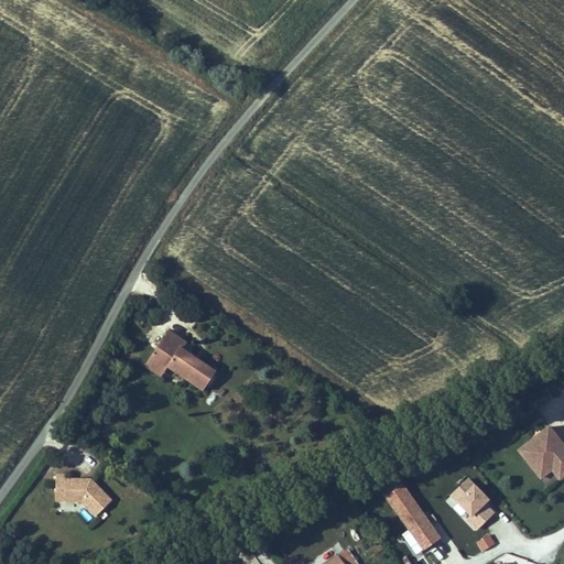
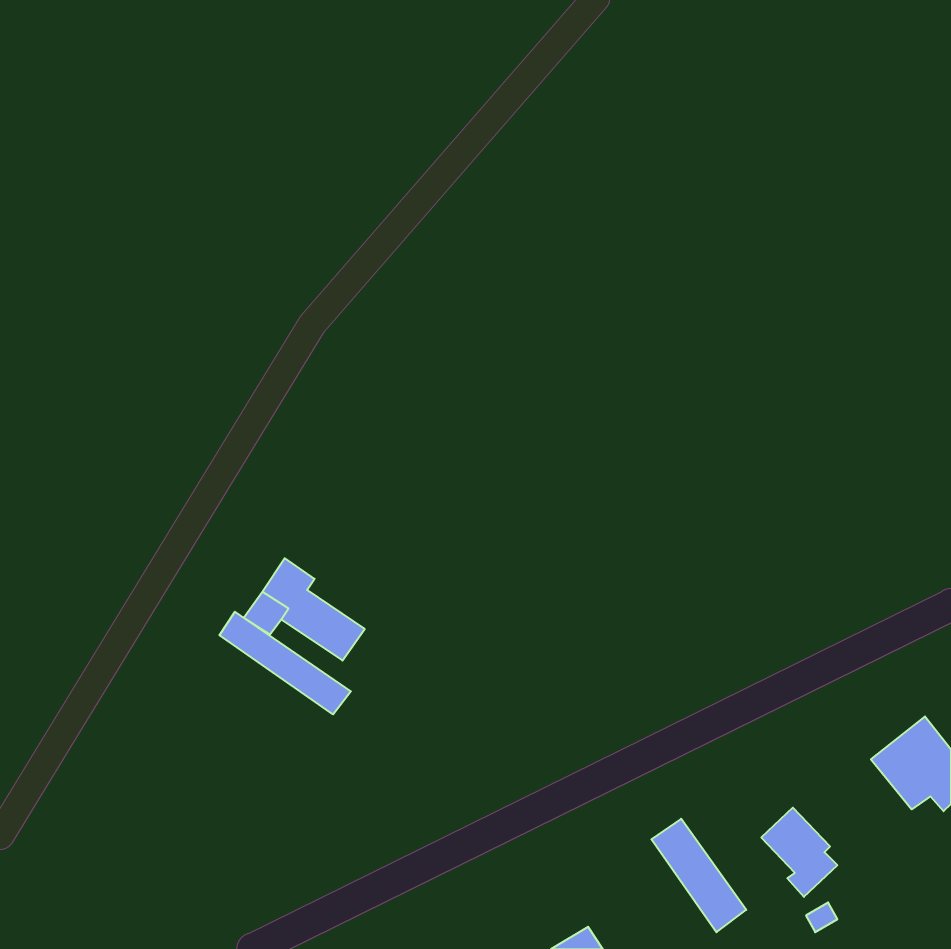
building: none -> [219,612,351,714]
building: [55,474,111,514] -> none

